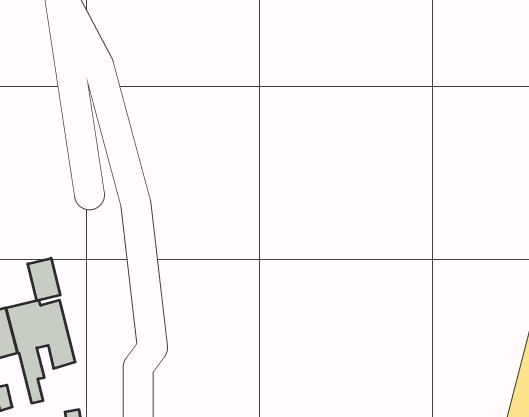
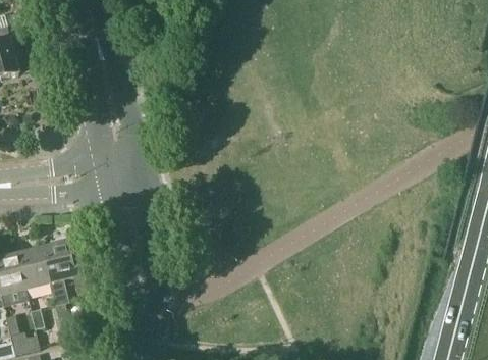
building: [28,258,60,301] -> none

